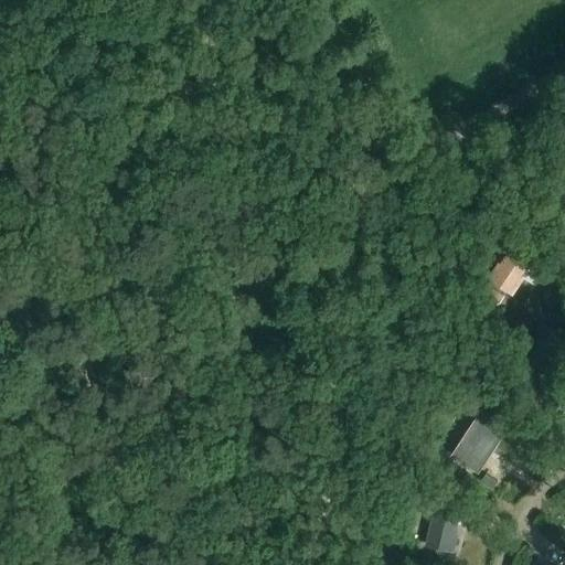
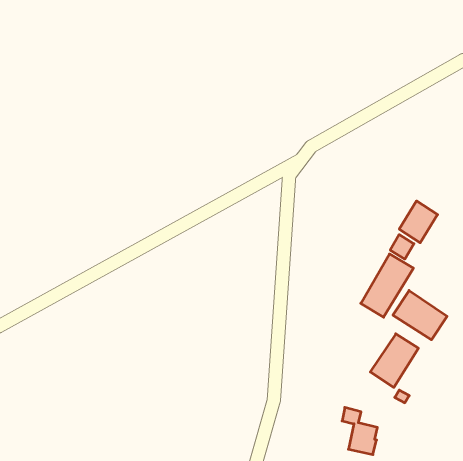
building: none -> [361,254,413,317]
building: none -> [393,290,447,340]

